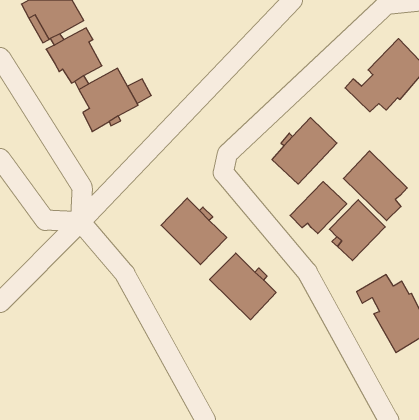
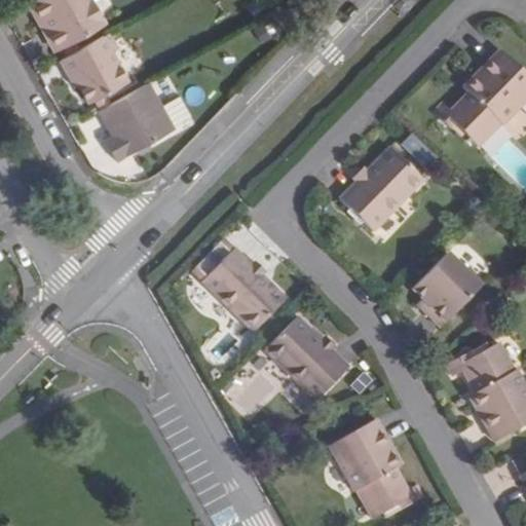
building: [343,151,407,221] -> none
building: [290,182,347,234] -> none
building: none -> [330,418,424,515]

